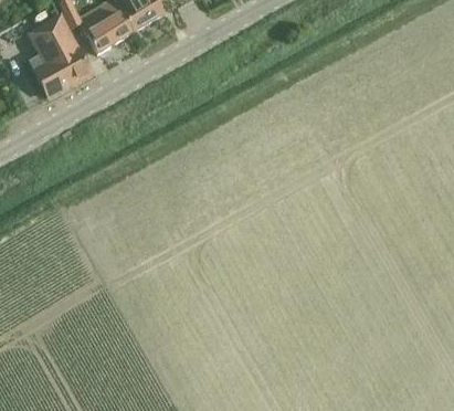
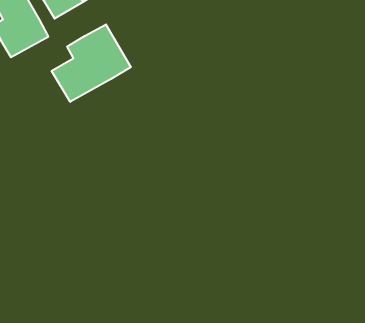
building: none -> [52,24,131,102]

